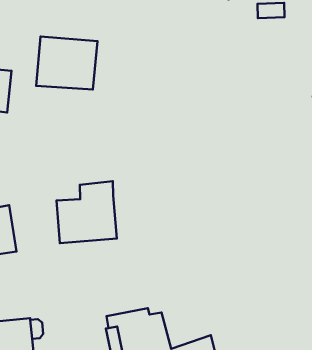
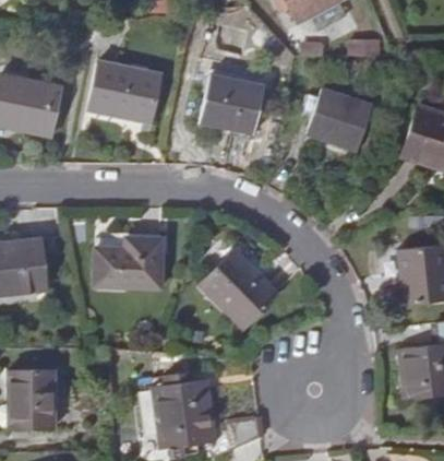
building: none -> [299,83,372,149]
building: none -> [201,73,264,132]
building: none -> [200,251,276,326]

